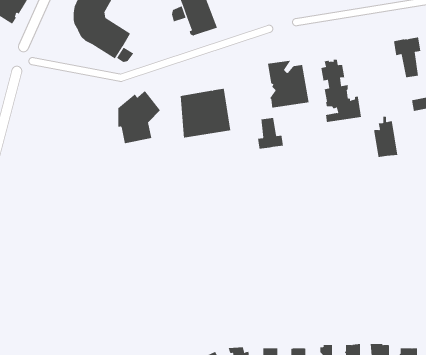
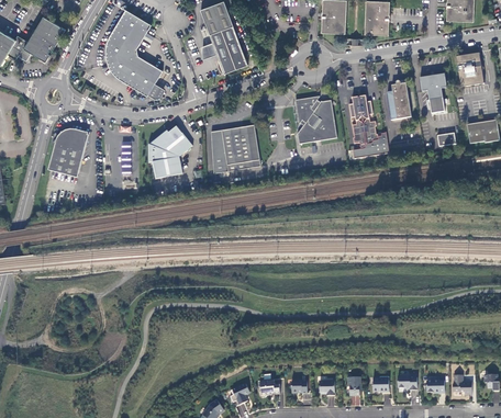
building: none -> [49,131,87,178]
building: [373,116,398,157] -> [387,79,411,120]
building: [257,117,284,149] -> none

